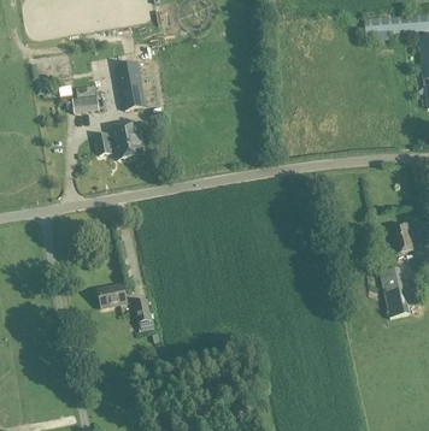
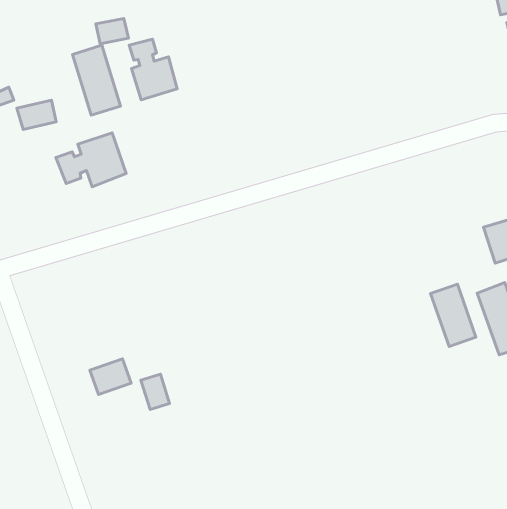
building: none -> [129,39,177,100]
building: none -> [431,284,476,347]

